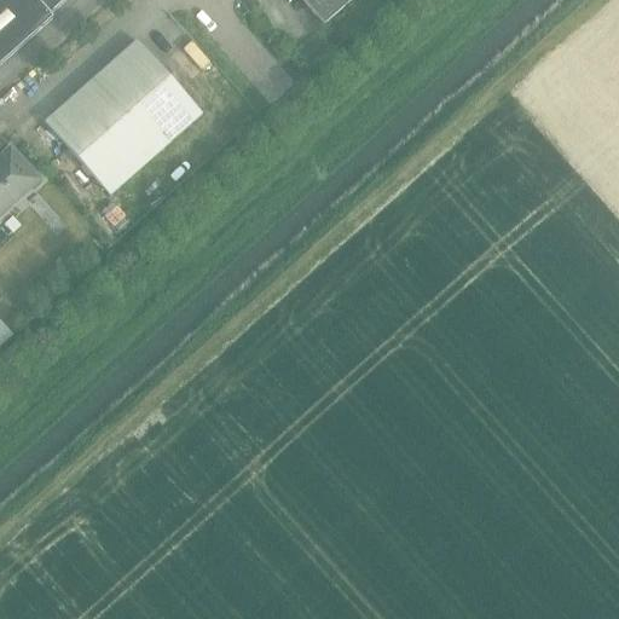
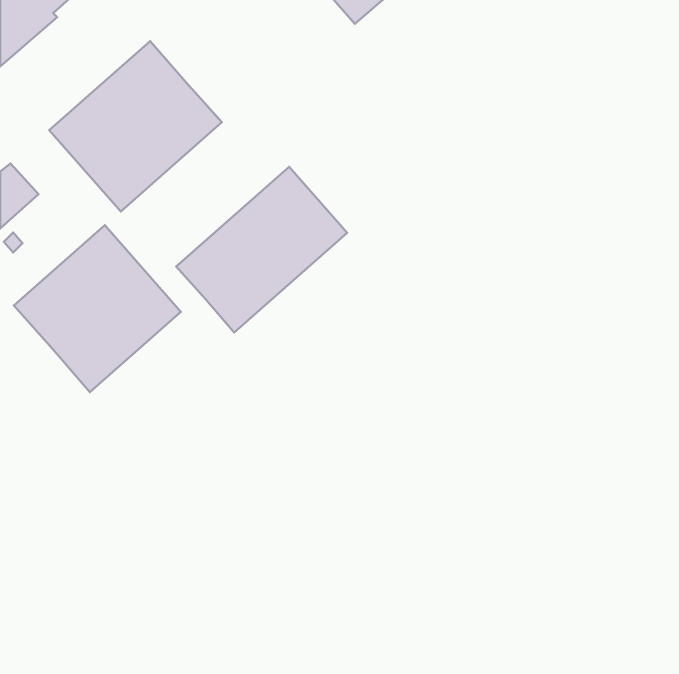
building: none -> [176,167,347,333]
building: none -> [14,225,181,392]

